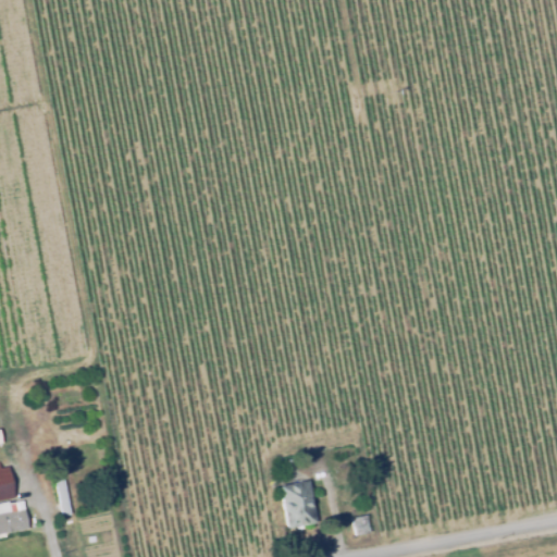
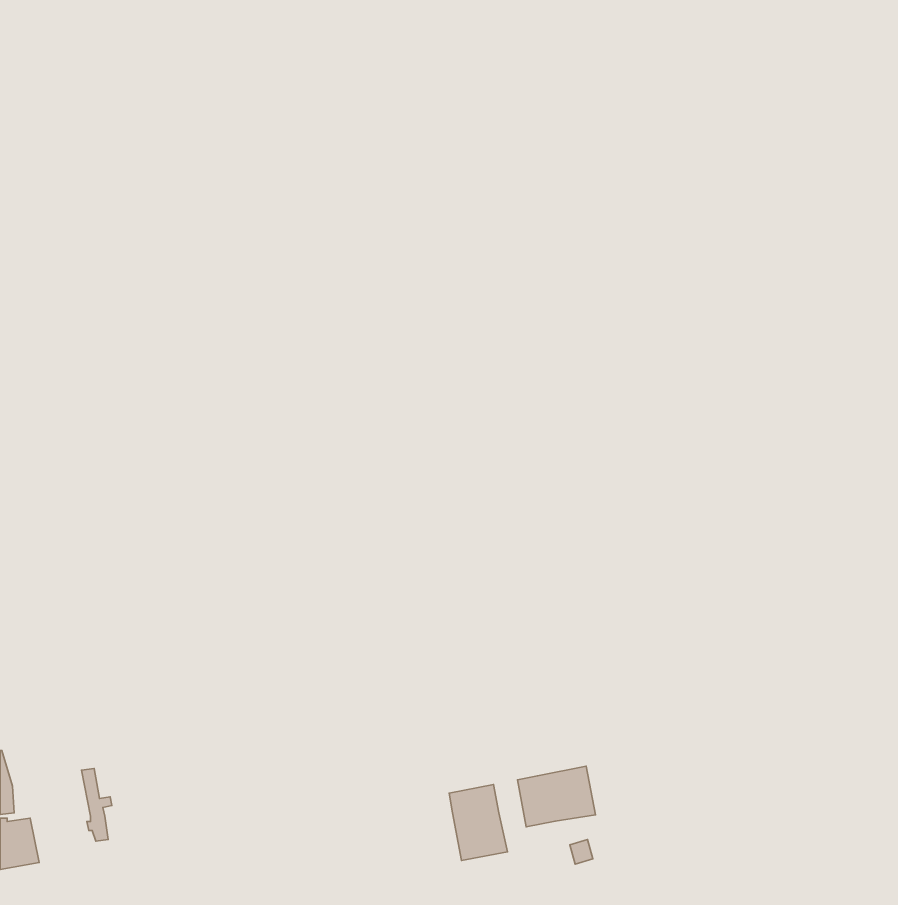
building: none -> [517,766,596,827]

